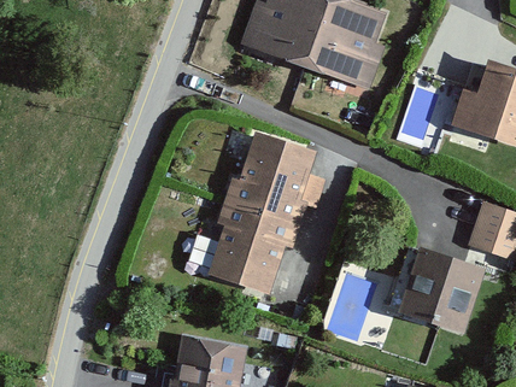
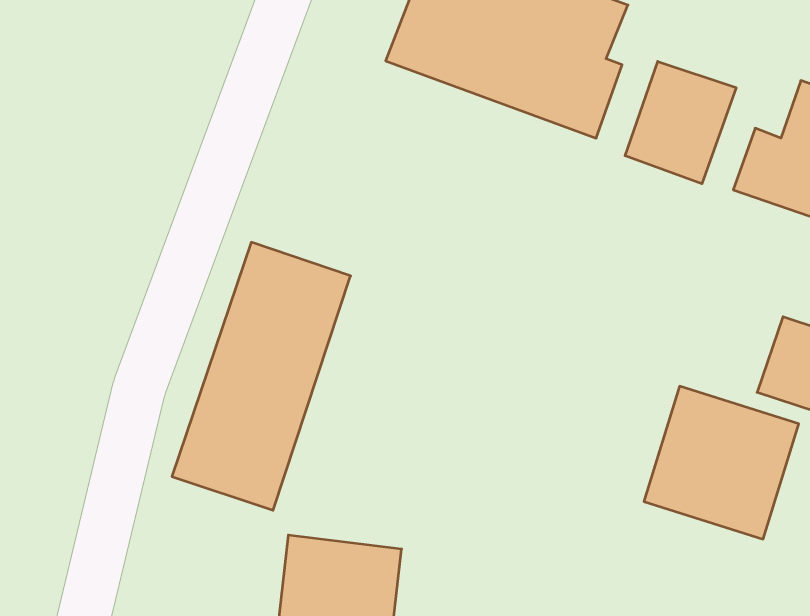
building: none -> [625,61,736,184]
building: [205,130,313,293] -> [172,242,351,510]

